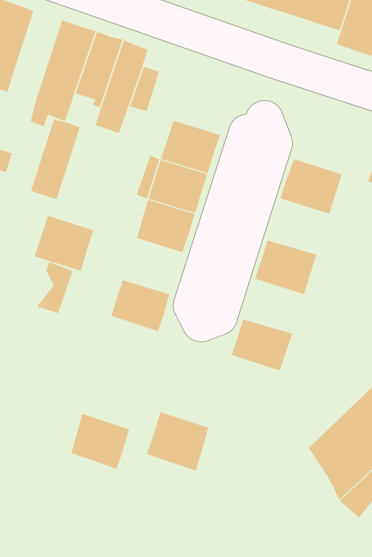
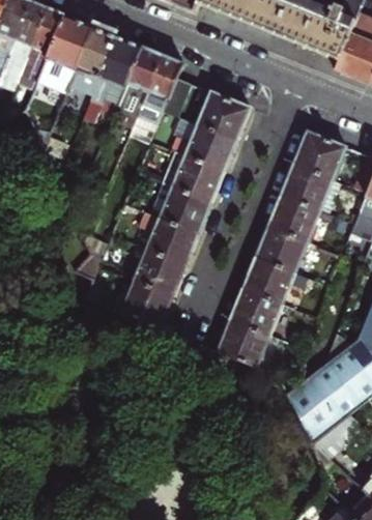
building: none -> [197,89,247,136]
building: [30,119,81,200] -> [66,25,111,91]
building: none -> [293,128,343,174]
building: none -> [267,191,320,238]
building: [34,215,94,271] -> [147,215,198,263]
building: none -> [244,255,295,301]
building: [146,412,209,471] -> [219,316,271,367]
building: [70,413,130,469] -> [124,278,174,325]

